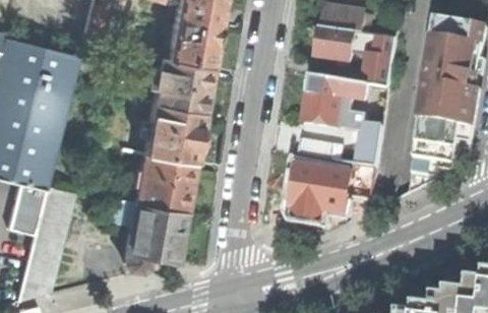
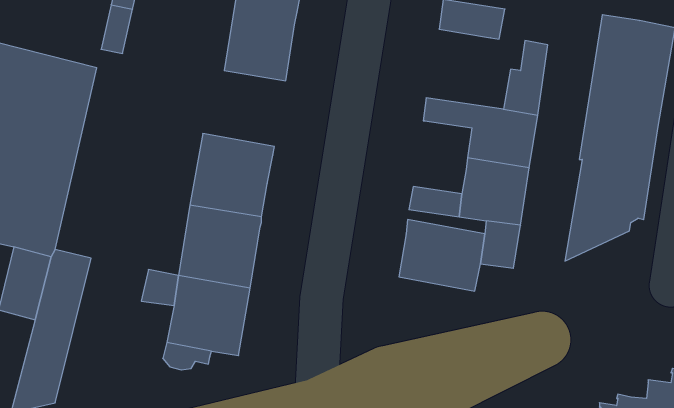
building: [313,27,355,62] -> none
building: [144,56,209,111] -> none
building: [304,92,342,127] -> none

